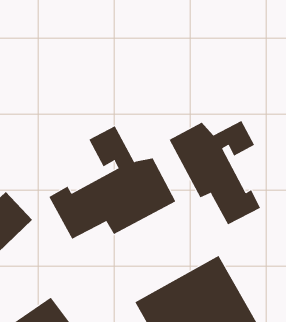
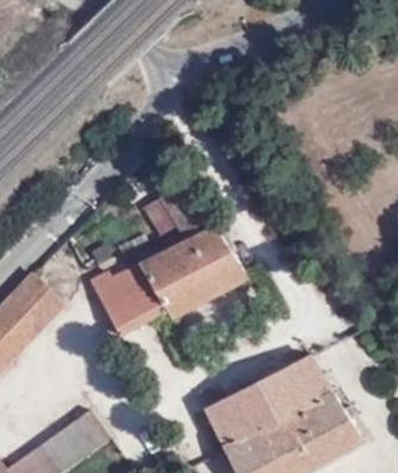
building: [169,120,261,225] -> none

